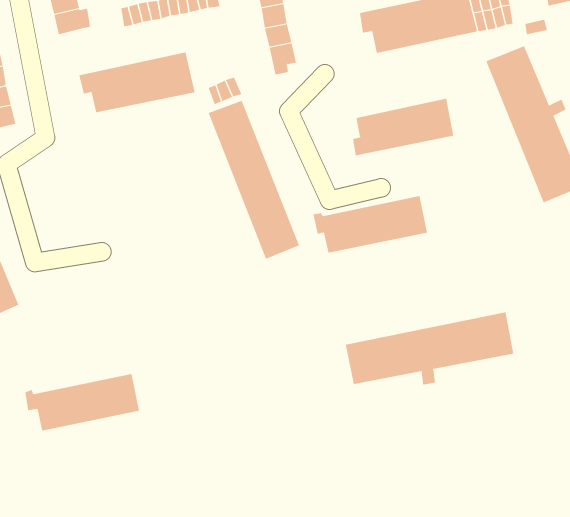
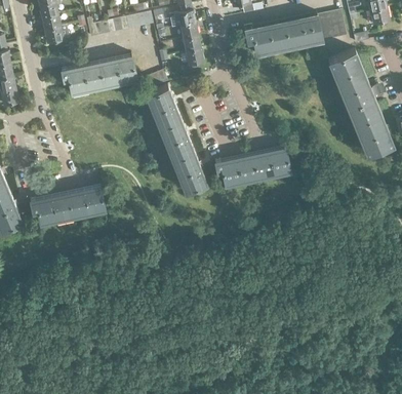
building: [353,98,454,156] -> none
building: [345,311,514,386] -> none
building: [24,373,140,431] -> [29,188,105,226]

